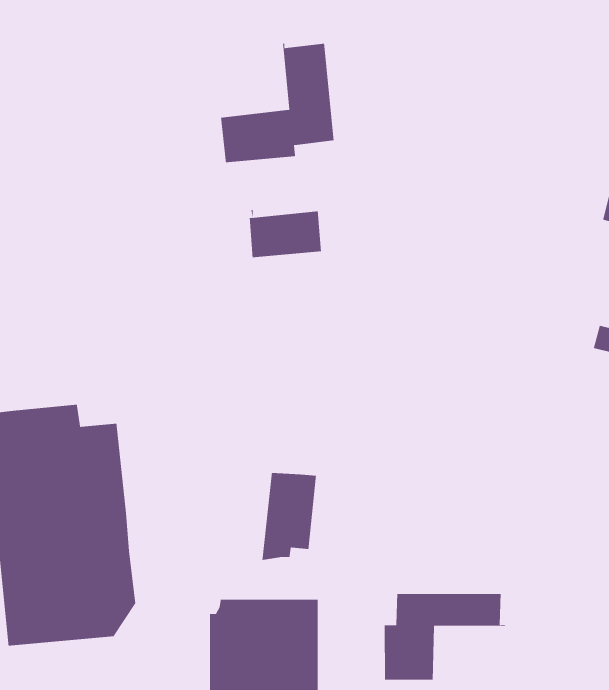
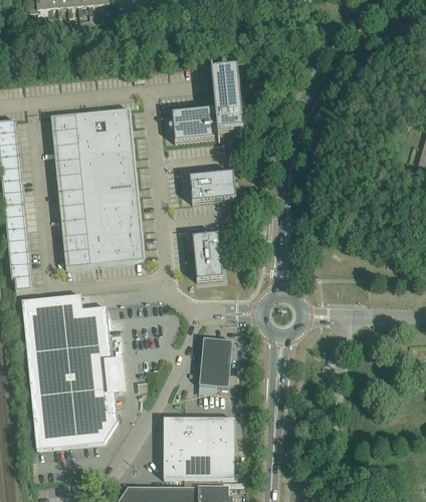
building: none -> [50,108,144,267]
building: none -> [192,233,222,280]
building: [379,593,506,680] -> none

